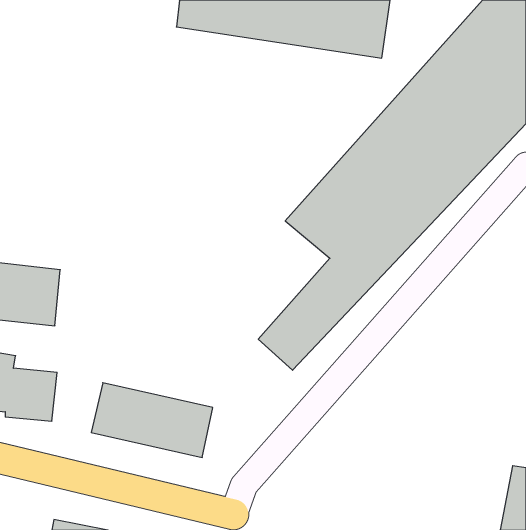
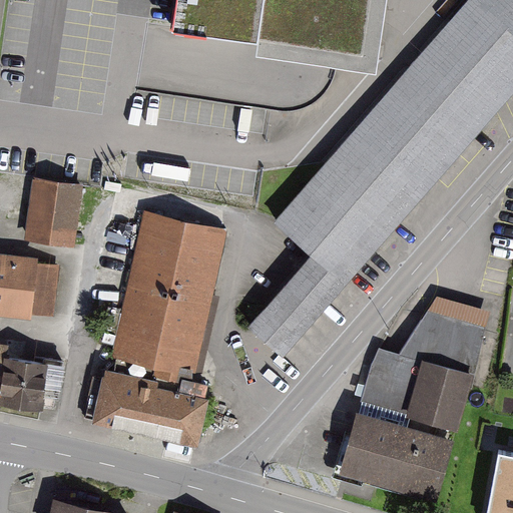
building: none -> [26,181,86,245]
building: none -> [113,210,229,374]
building: none -> [338,298,485,504]

